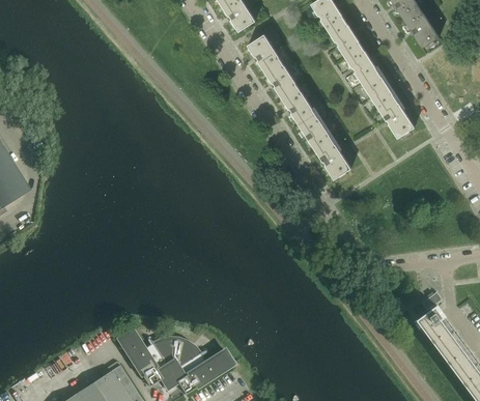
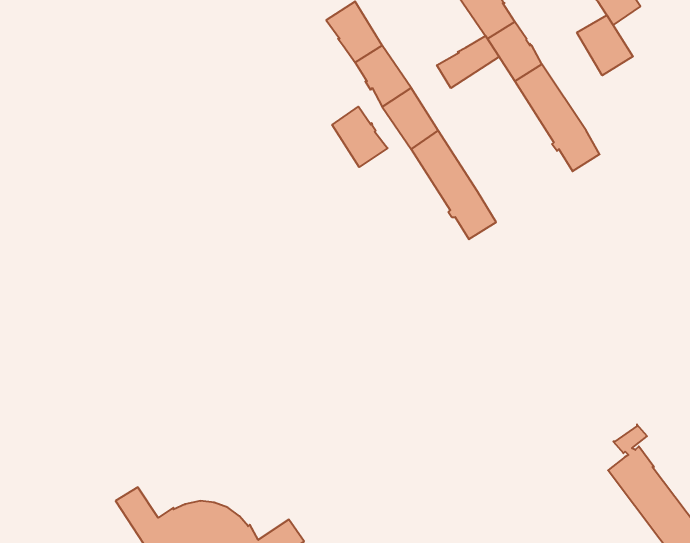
building: none -> [577,15,633,75]
building: none -> [437,36,499,88]
building: none -> [332,107,388,167]

